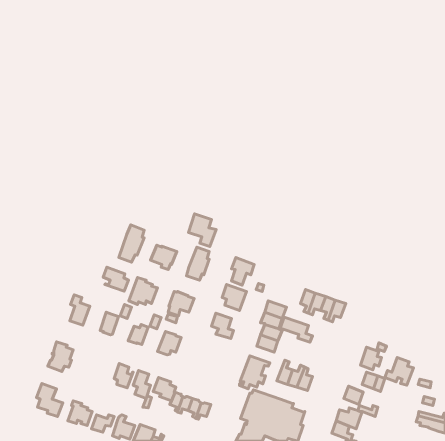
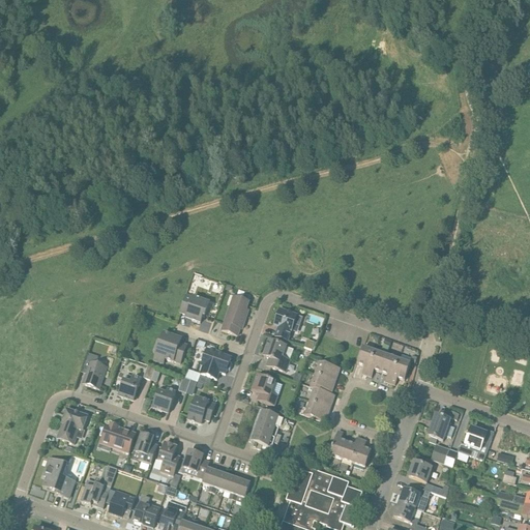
building: [188,214,216,246] -> none
building: [119,225,144,262] -> none
building: [103,267,129,291] -> none
building: [280,317,312,342] -> none
building: none -> [99,421,136,451]
building: [239,356,270,389] -> [251,409,287,448]

